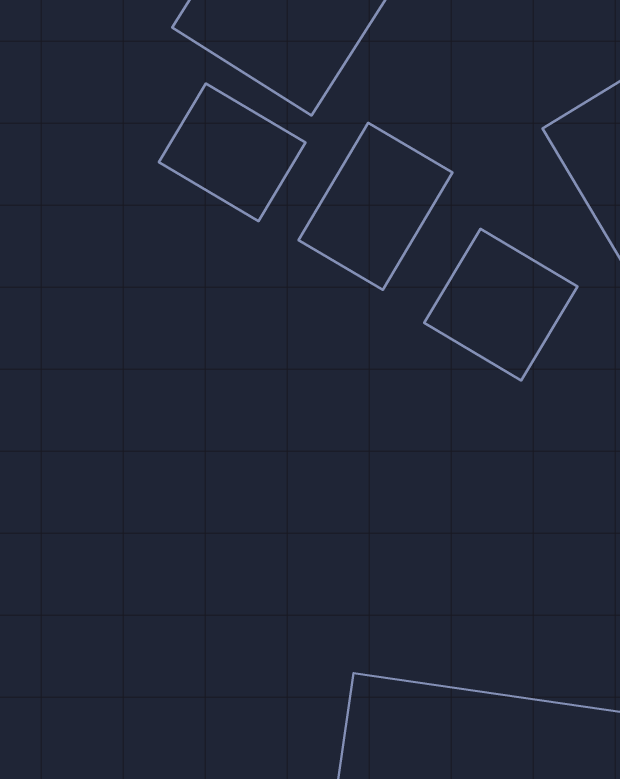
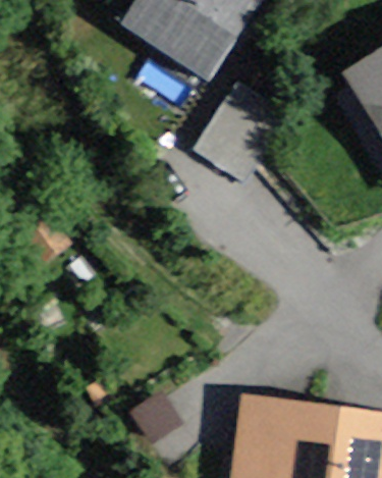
building: [159,83,306,221] -> none
building: [424,229,578,381] -> none

